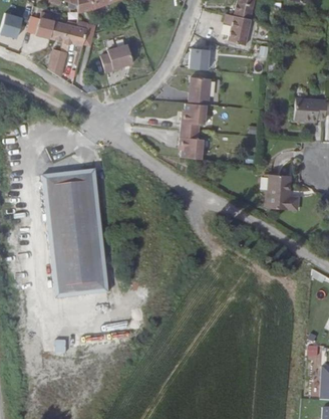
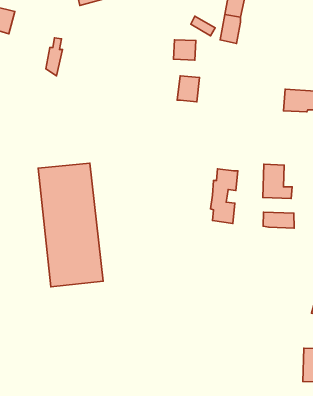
building: [35,16,86,48] -> none
building: [98,52,129,80] -> none
building: [182,108,210,164] -> [211,169,238,223]
building: none -> [263,212,294,228]

